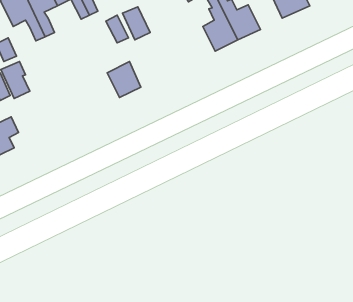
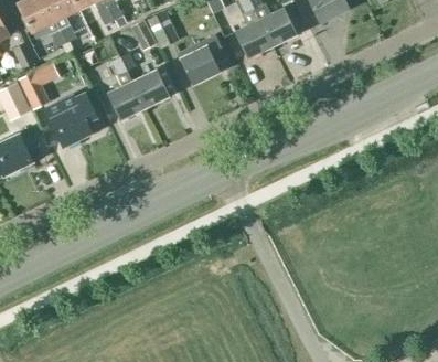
building: none -> [178,35,225,85]
building: none -> [107,53,145,120]
building: none -> [49,92,97,148]

